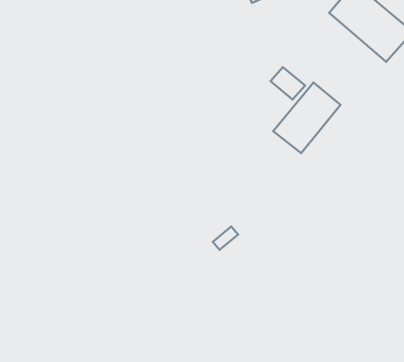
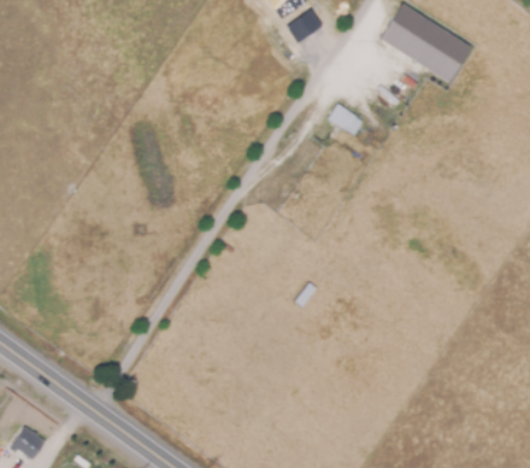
building: [273,82,341,153] -> none

